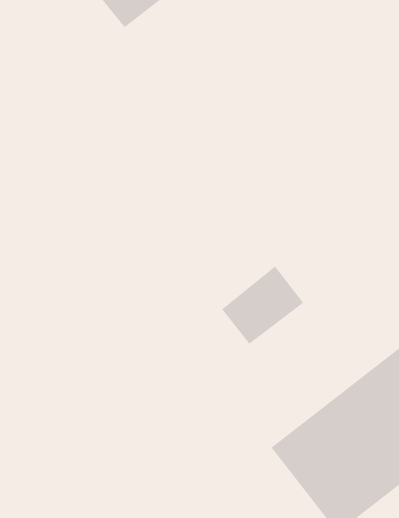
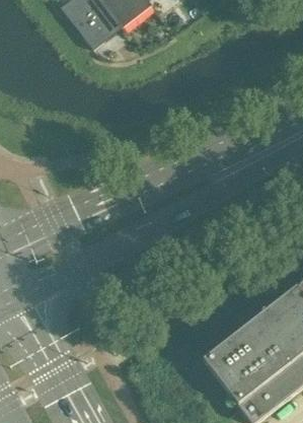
building: [221,266,304,345] -> none

